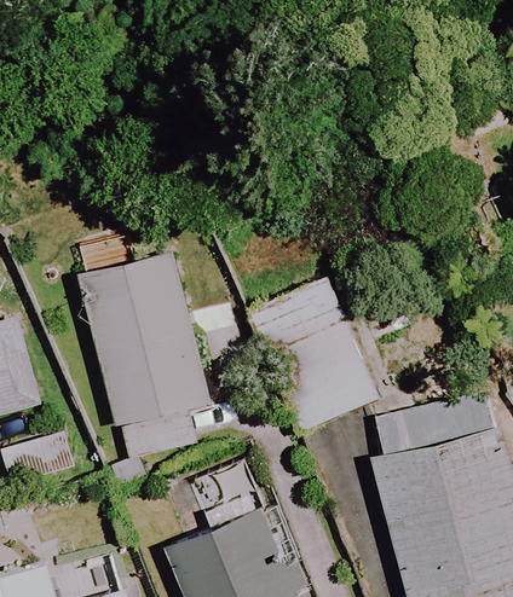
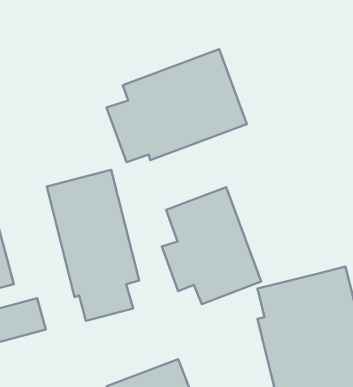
building: none -> [106,49,247,162]

